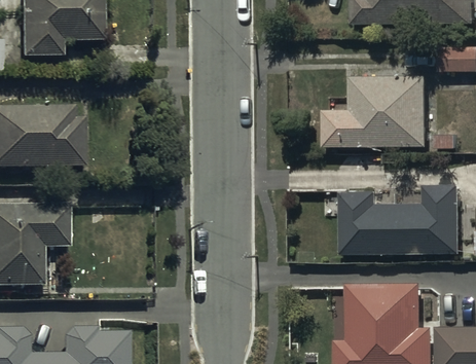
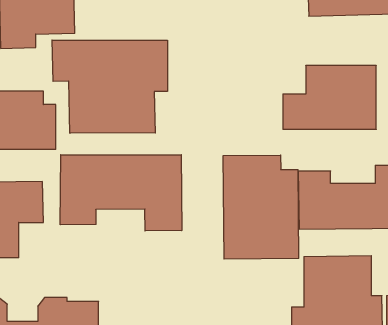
building: none -> [52,40,167,133]
building: none -> [60,155,182,231]
building: none -> [223,155,299,259]

